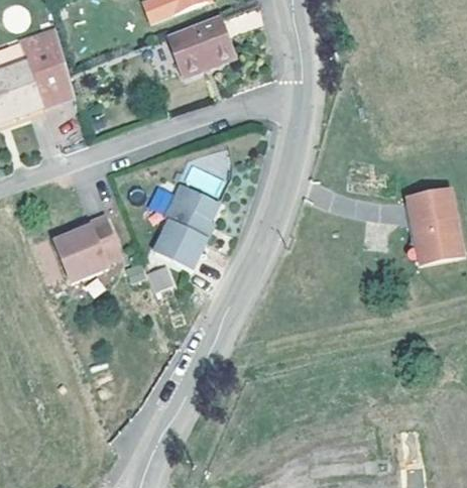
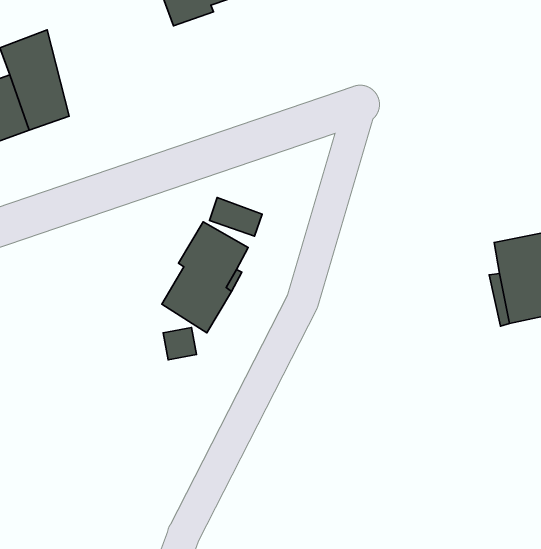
building: [170,16,239,79] -> none
building: [50,201,119,270] -> none

